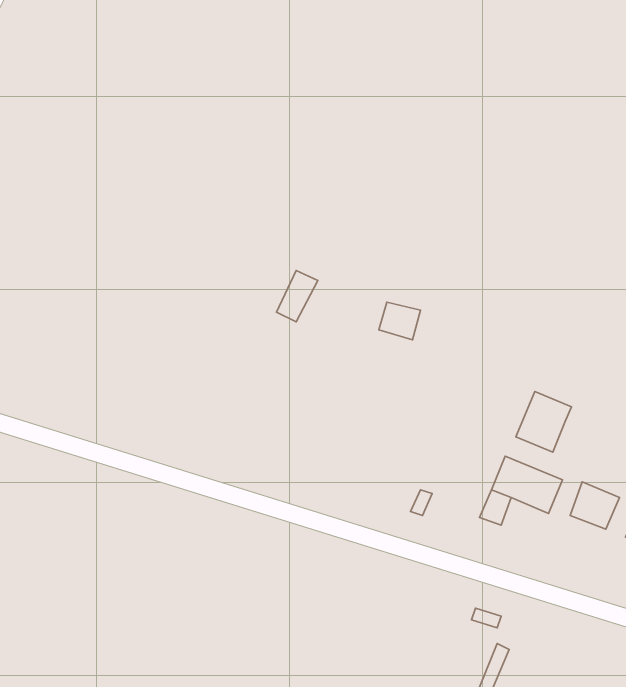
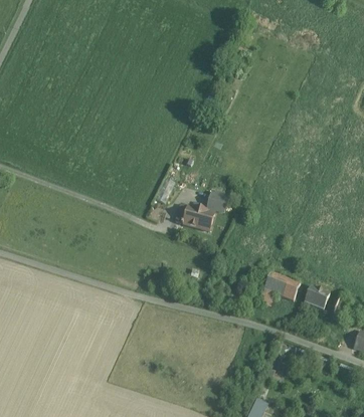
building: none -> [176,204,215,229]
building: [516,391,572,452] -> none

